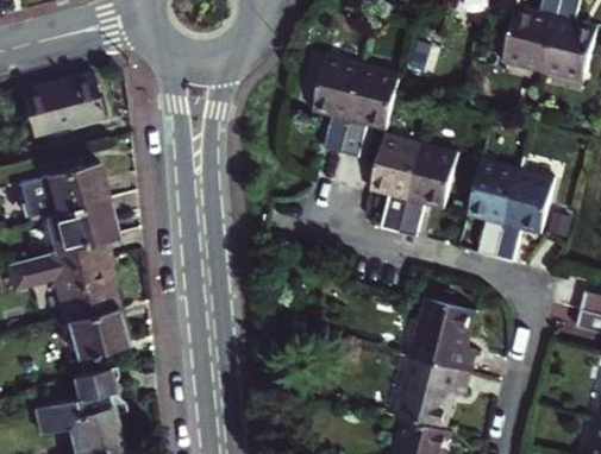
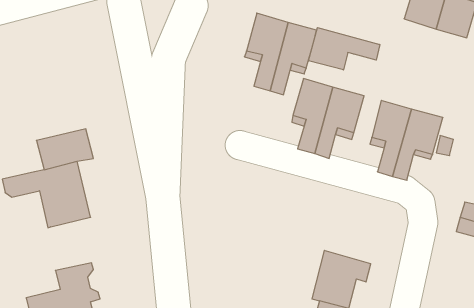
building: none -> [309,28,380,70]
building: [23,74,106,135] -> none
building: [23,163,111,219] -> none
building: [409,295,474,368] -> none
building: [67,310,125,358] -> none

